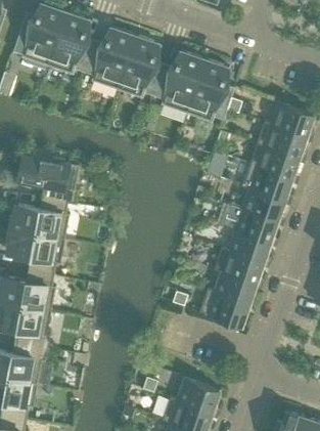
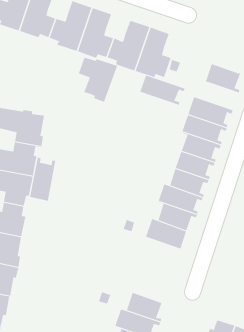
building: none -> [78,57,118,103]
building: [258,122,313,159] -> [139,75,185,106]
building: none -> [29,157,56,201]

